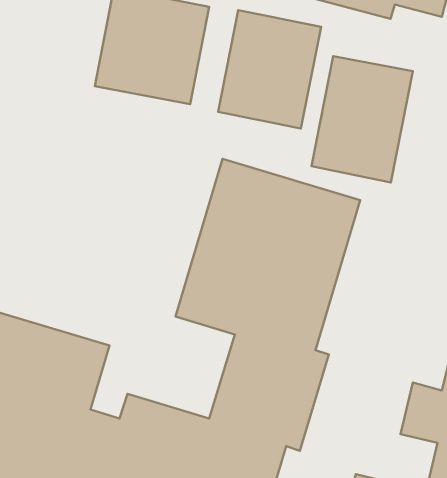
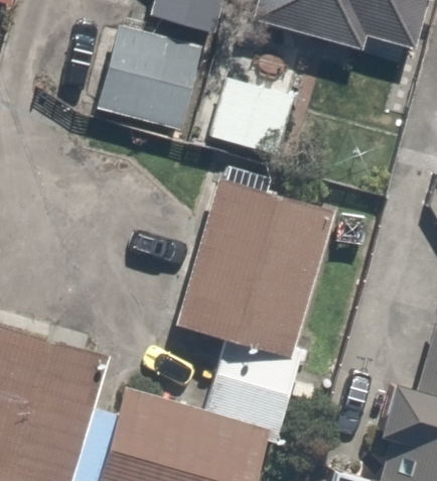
building: [312,56,413,182] -> none

